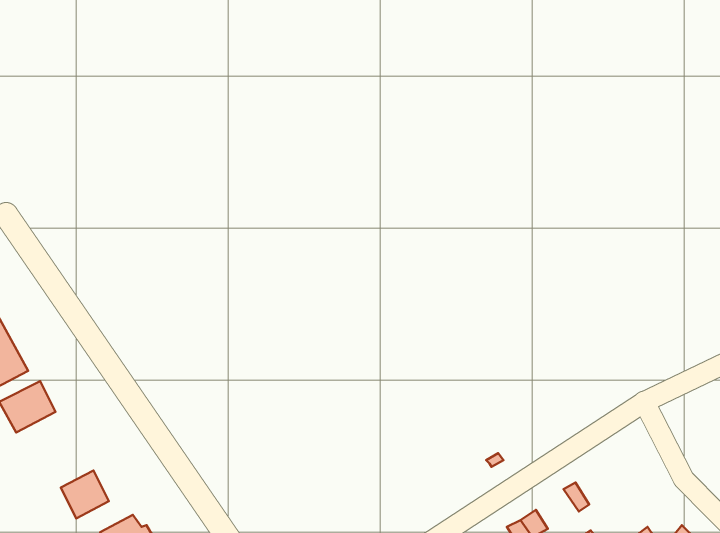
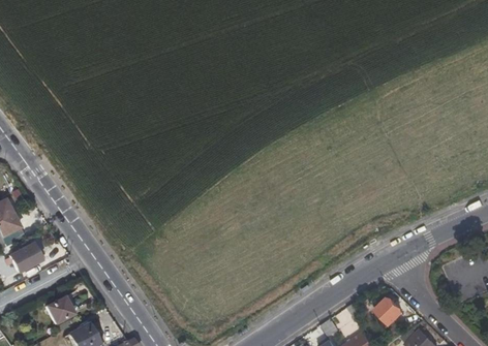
building: none -> [374,296,403,324]

